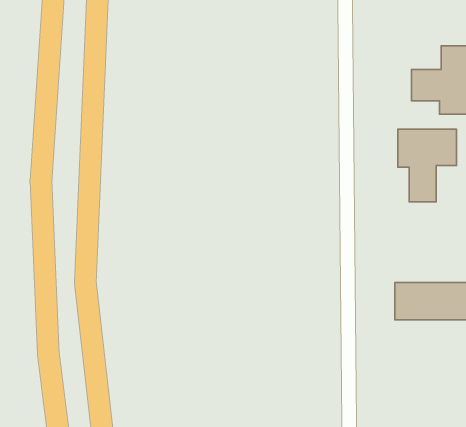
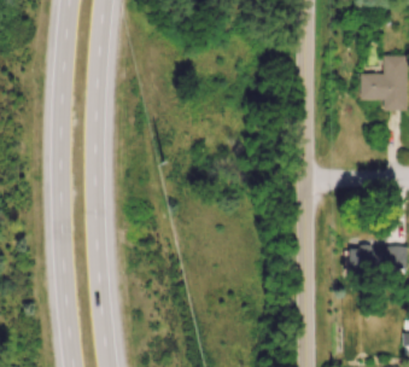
building: [398,129,457,202] -> none

